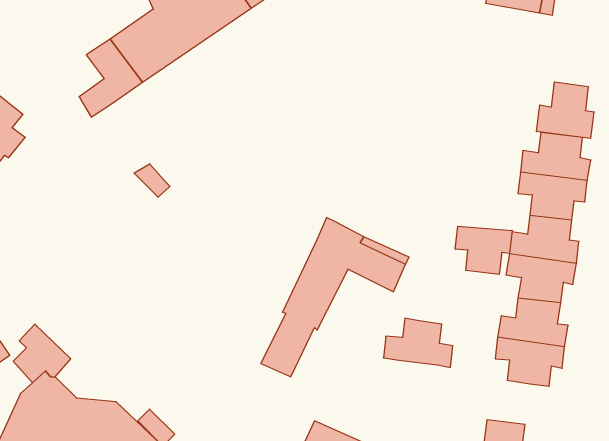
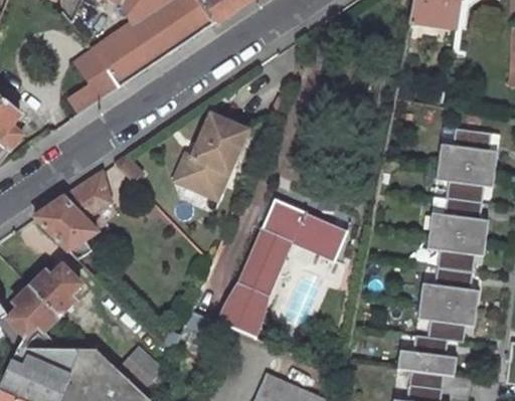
building: [536,82,594,138] -> none
building: none -> [180,116,247,198]
building: none -> [34,169,112,251]
building: [455,226,512,274] -> none
building: none -> [30,266,80,317]
building: [383,318,453,367] -> [397,333,456,374]

